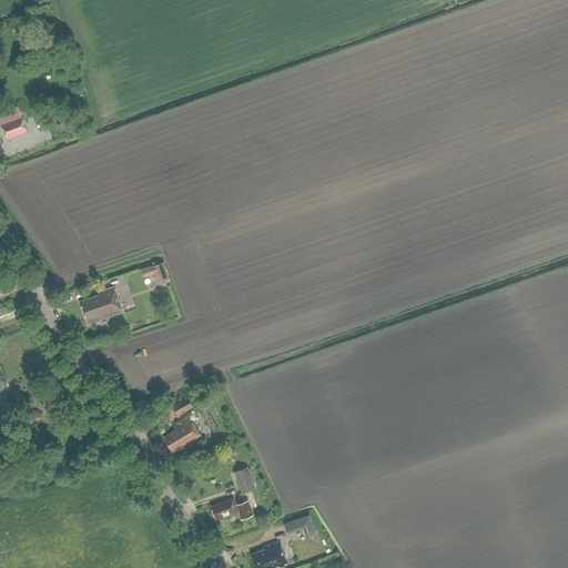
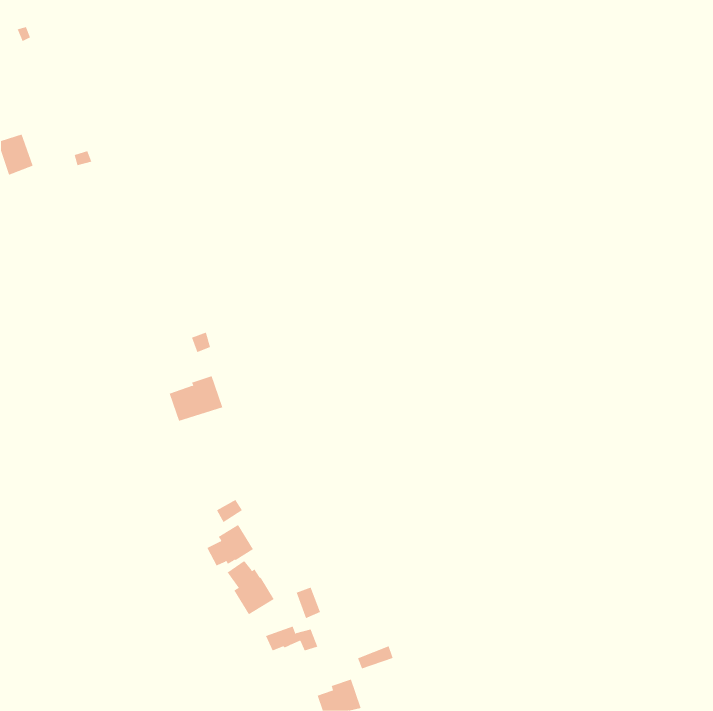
building: [80,286,123,323] -> [169,375,223,421]
building: none -> [227,560,274,615]

